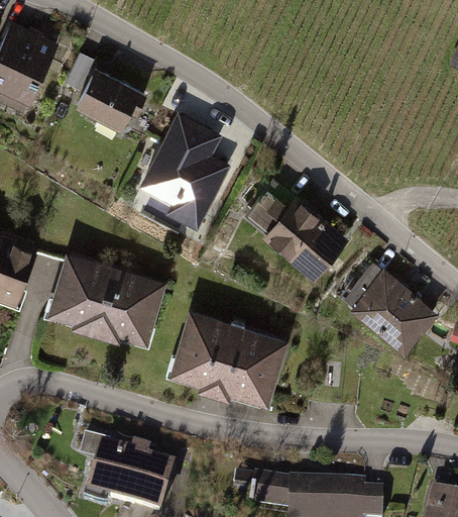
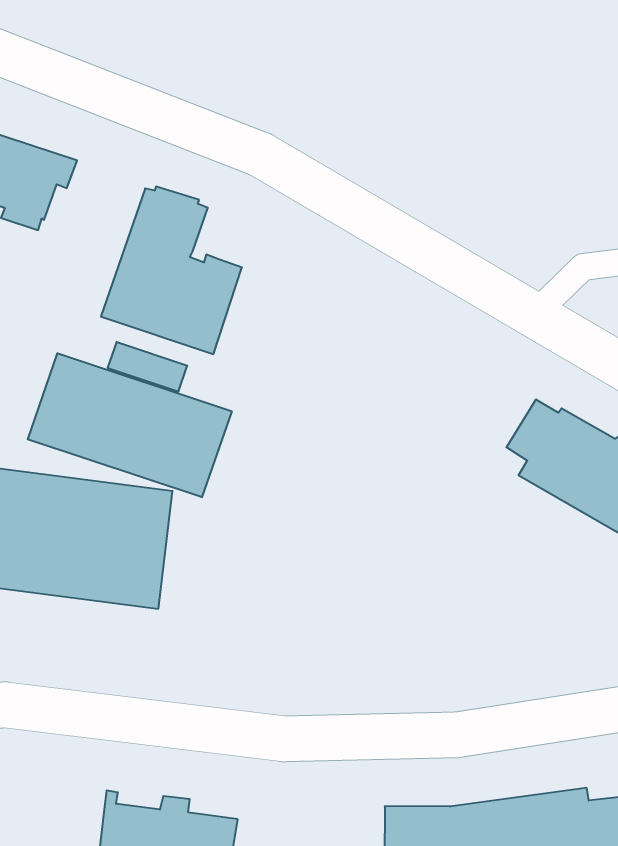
building: [252,184,342,273] -> none
building: none -> [28,353,232,497]
building: [170,309,288,403] -> none

